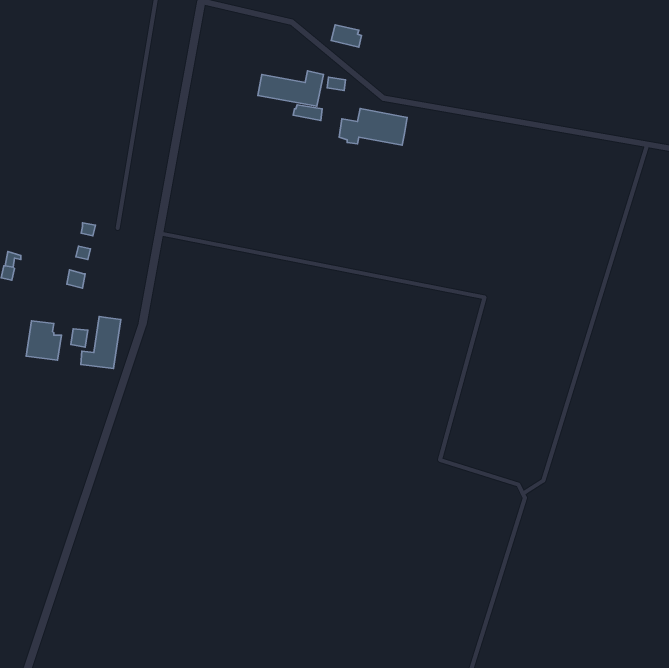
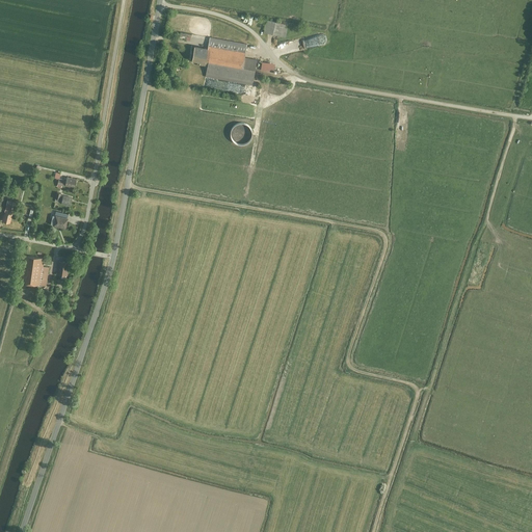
building: [339,108,407,145] -> [192,37,246,66]
building: [81,317,121,369] -> none

